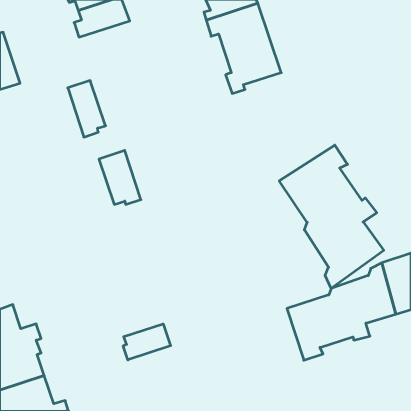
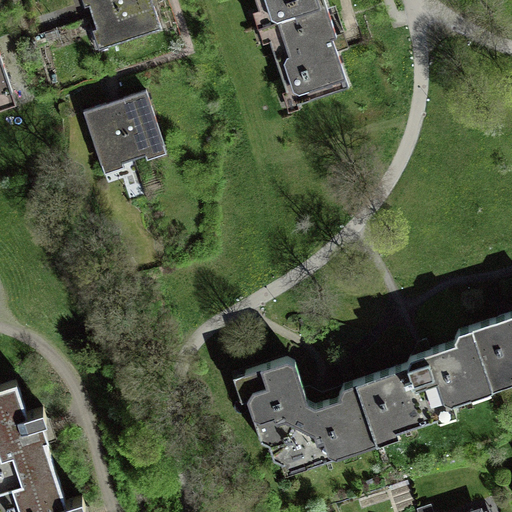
building: [279,145,384,289] -> none
building: [99,150,141,204] -> [112,89,164,156]
building: none -> [233,361,377,478]
building: [123,324,171,360] -> none

